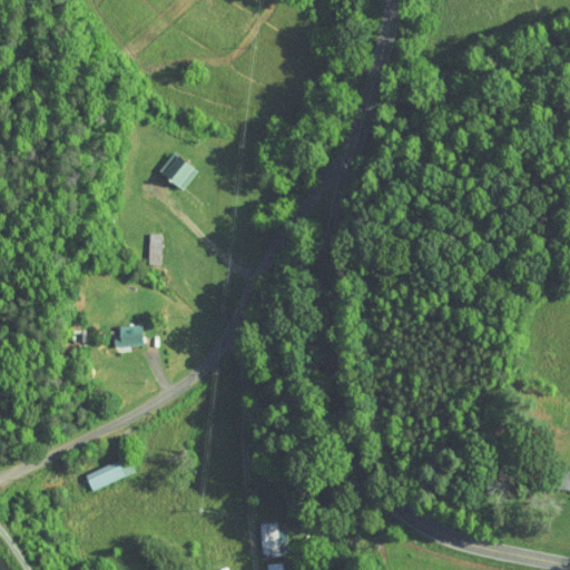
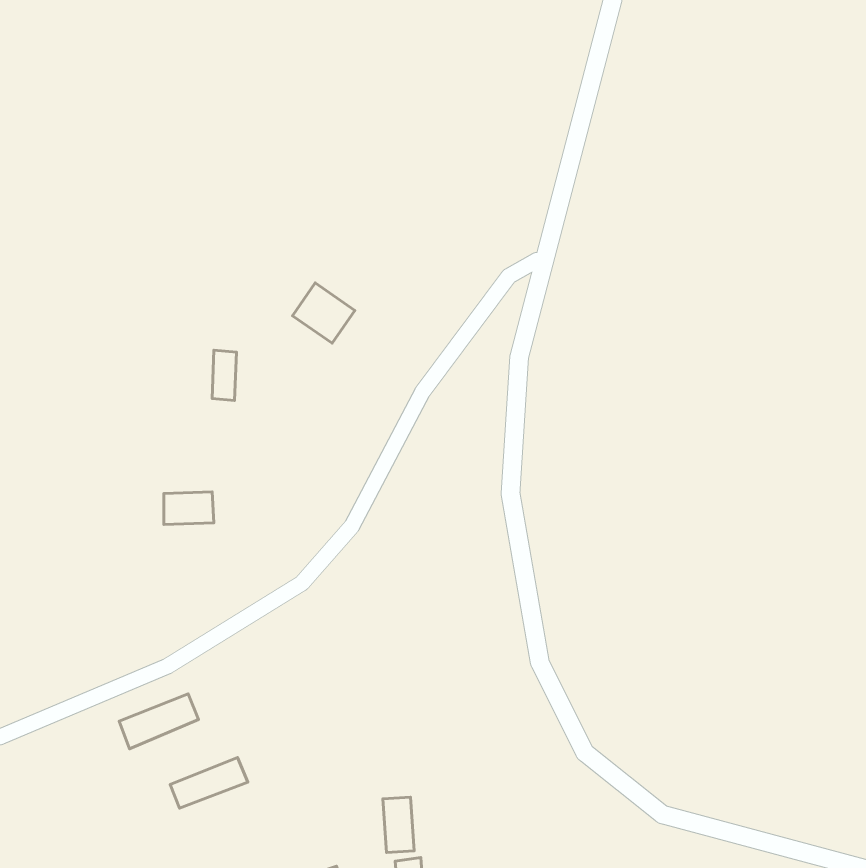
building: [161,153,202,191] -> [293,283,355,343]
building: none -> [170,758,248,808]

